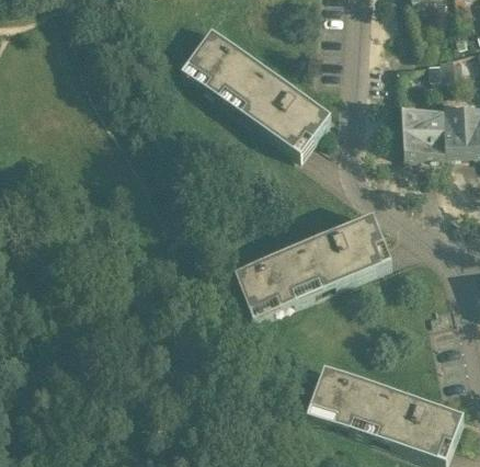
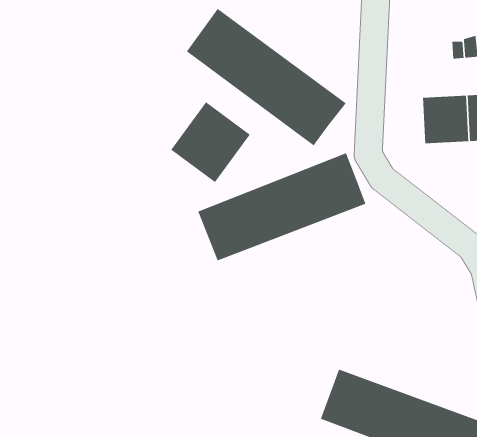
building: none -> [170,101,251,183]
building: [235,215,392,317] -> [197,152,366,262]

